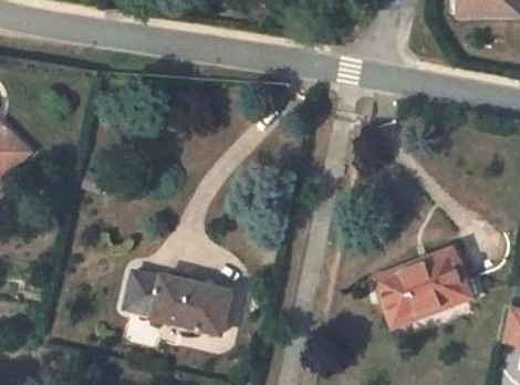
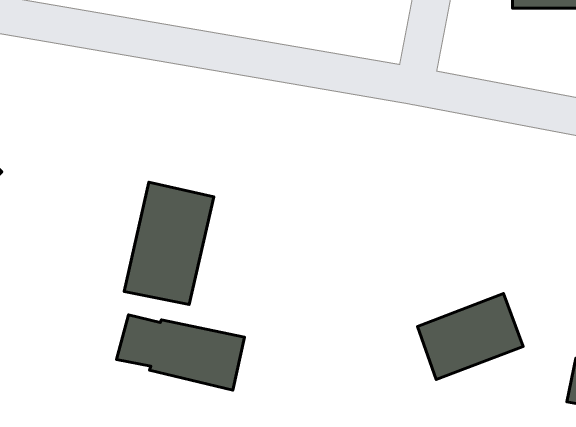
building: none -> [124,182,214,304]

